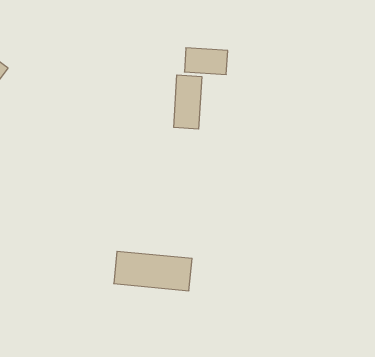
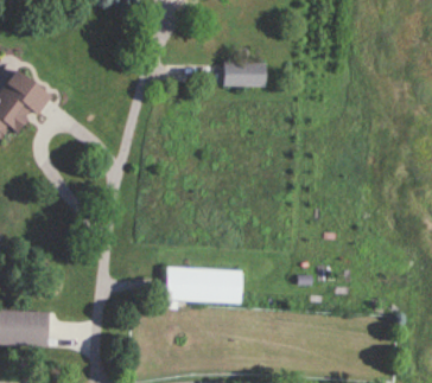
building: [174,75,202,129] -> none

